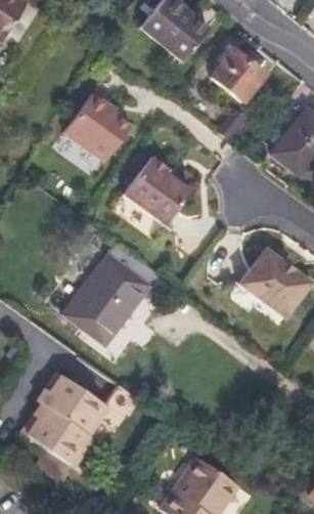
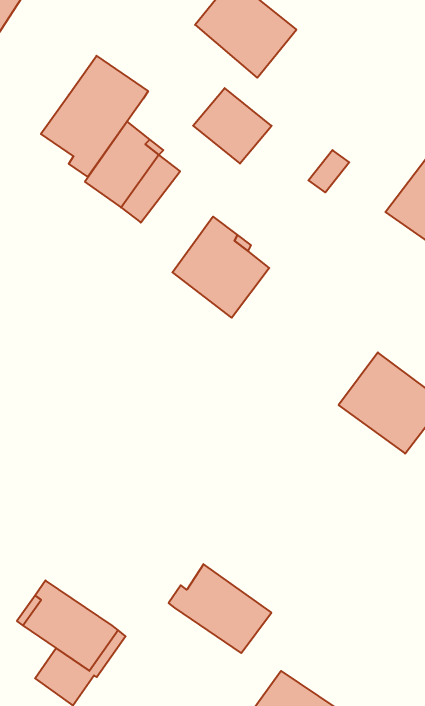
building: none -> [41,56,148,177]
building: [212,49,265,100] -> [193,88,272,164]
building: [62,241,158,344] -> none
building: [36,373,105,433] -> [169,564,271,653]

